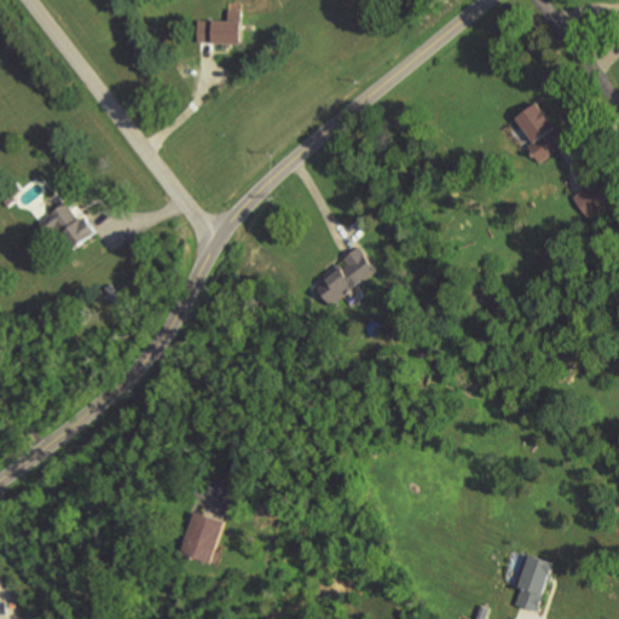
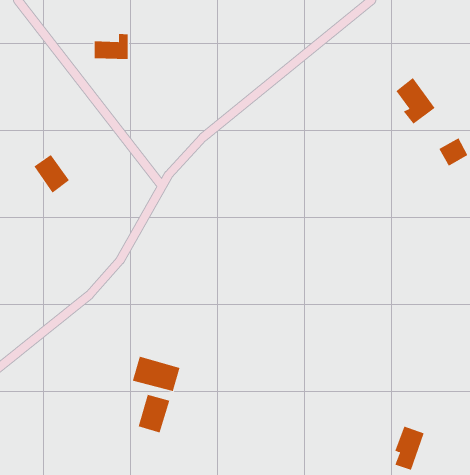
building: [193,10,238,44] -> [94,33,128,59]
building: [314,248,374,306] -> none
building: none -> [132,356,180,392]

